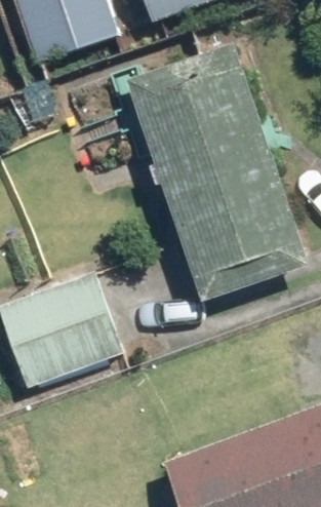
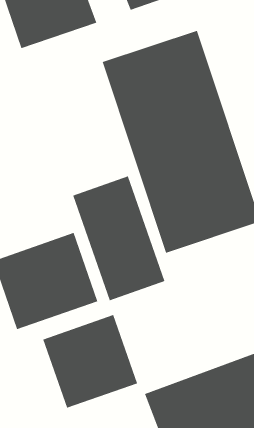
building: none -> [73,176,165,301]
building: none -> [43,314,138,409]

